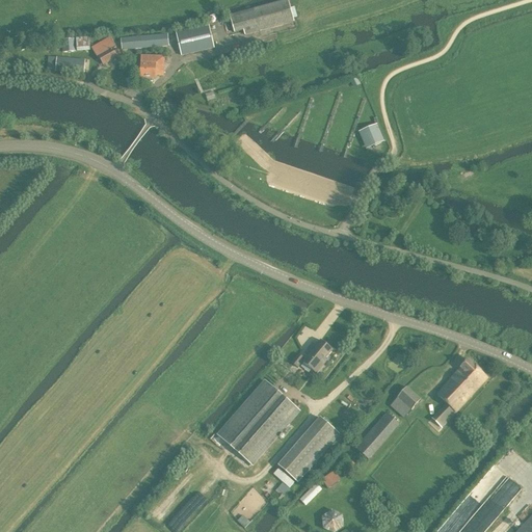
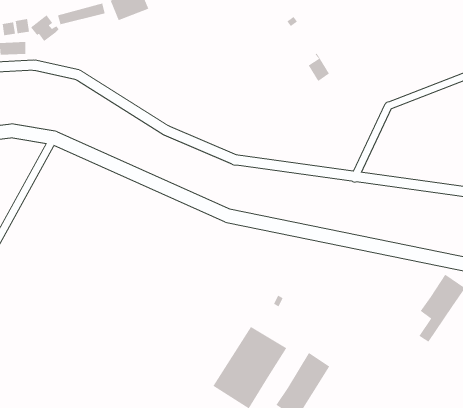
building: [139,54,163,77] -> none
building: [302,339,331,372] -> none
building: [390,387,419,417] -> none
building: [354,411,398,458] -> none

